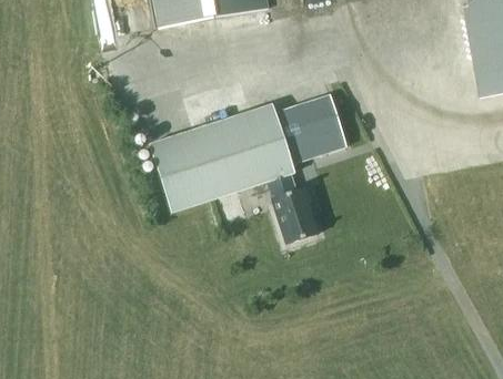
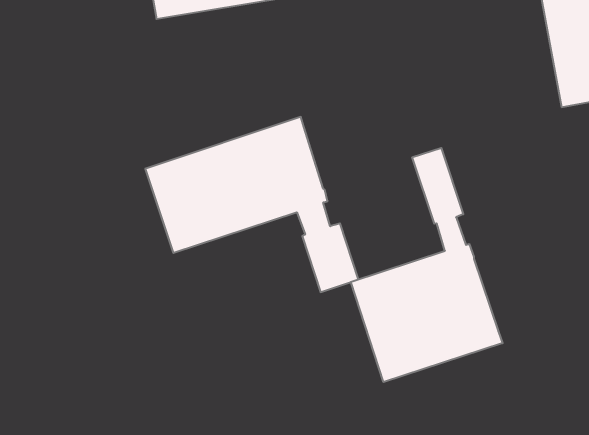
building: [274,94,345,162] -> none
building: none -> [351,148,503,382]

